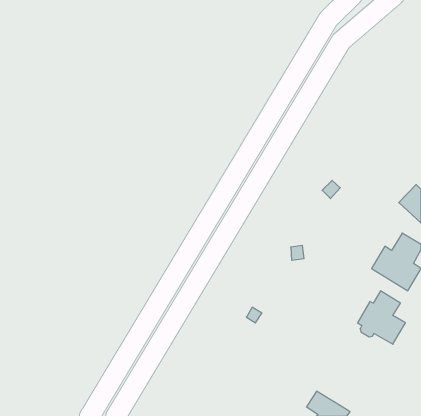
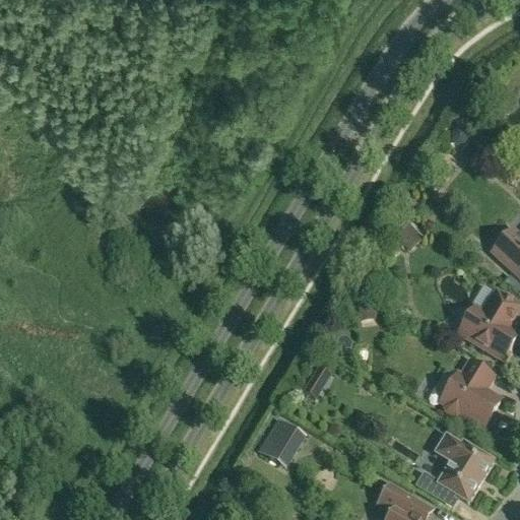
building: none -> [261,419,296,459]
building: none -> [415,434,494,500]

